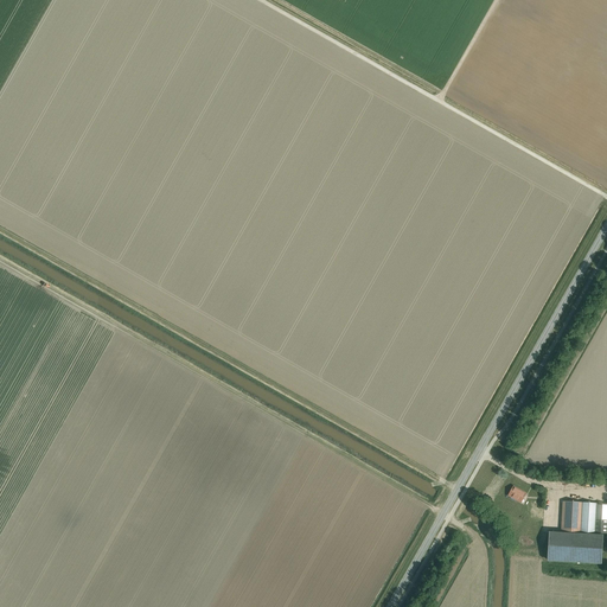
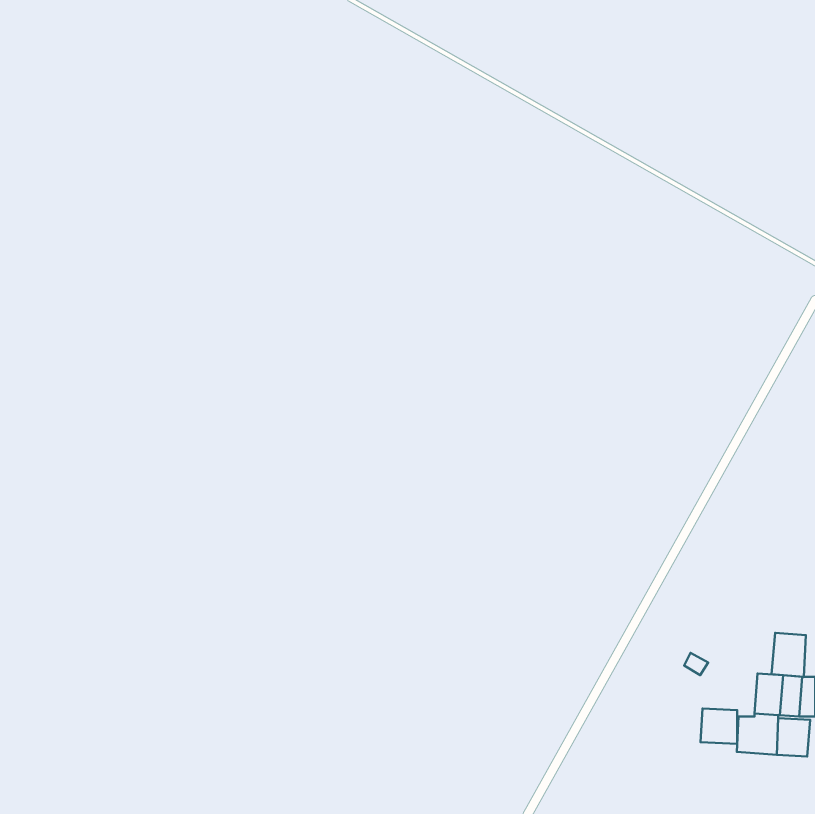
building: none -> [772,633,806,677]
building: none -> [701,709,737,744]

